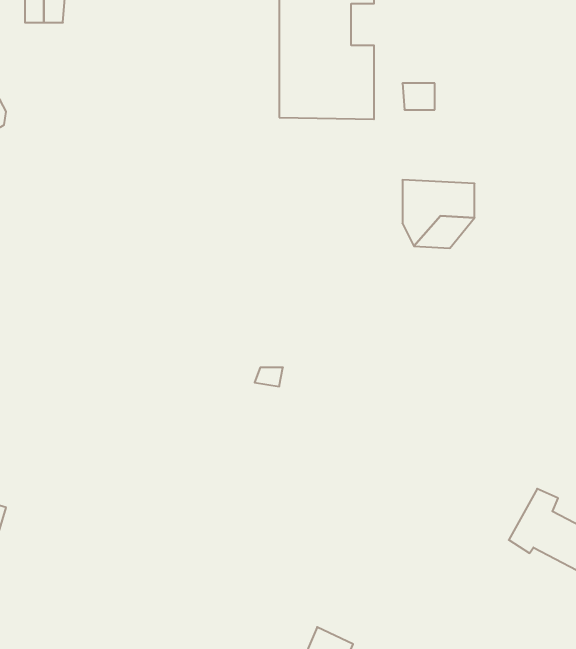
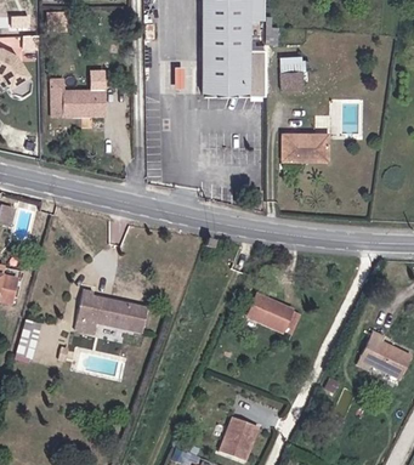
building: none -> [51,89,102,117]
building: none -> [73,291,144,334]
building: none -> [250,295,302,339]

